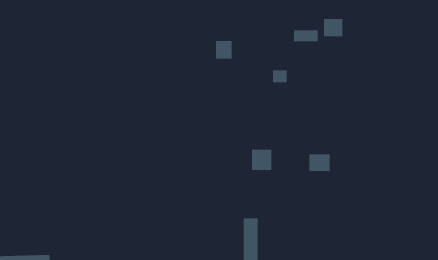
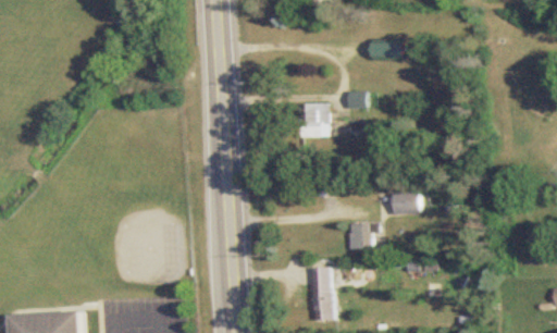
building: [323,18,343,37] -> none
building: [215,40,232,59] -> [299,103,320,126]
building: [251,149,272,171] -> [348,223,373,249]

